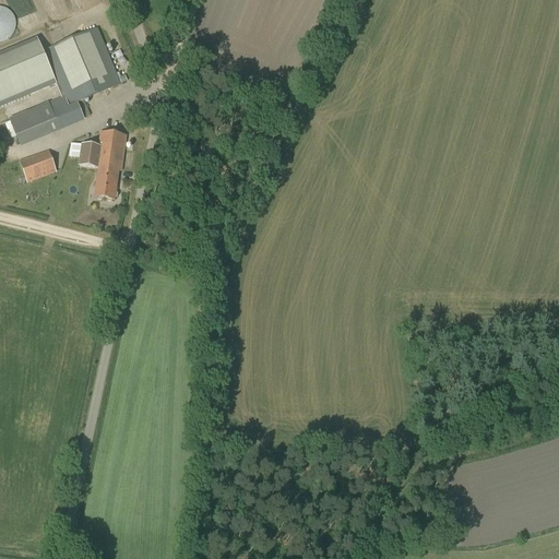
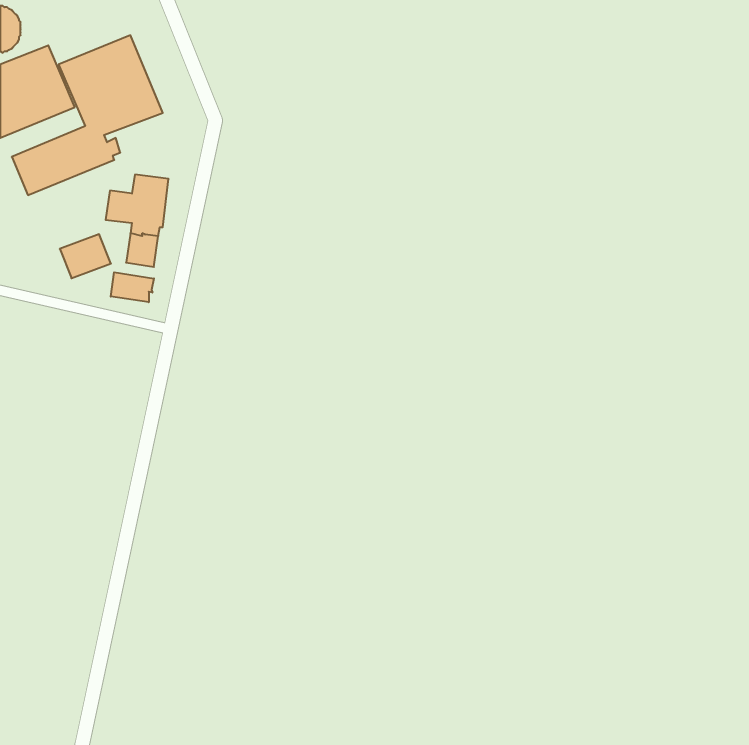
building: [19,148,57,181] -> [60,234,111,278]
building: none -> [111,272,154,302]

